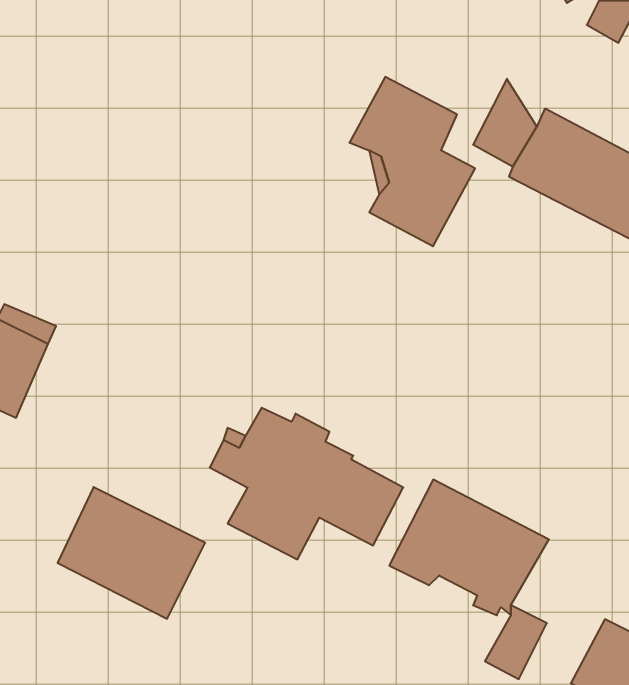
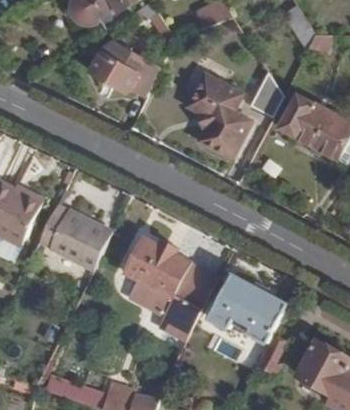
building: none -> [89,41,158,99]
building: [58,487,205,619] -> [37,202,111,268]

